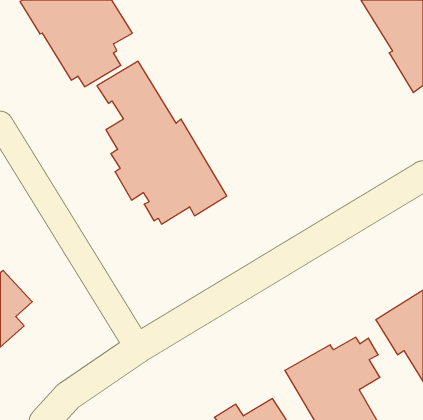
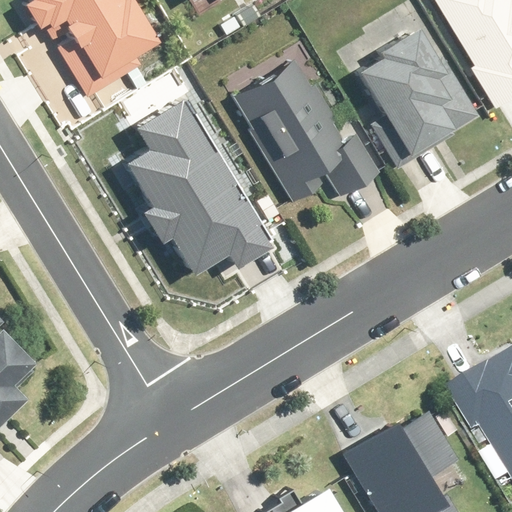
building: none -> [358,27,481,159]
building: none -> [233,60,382,204]

